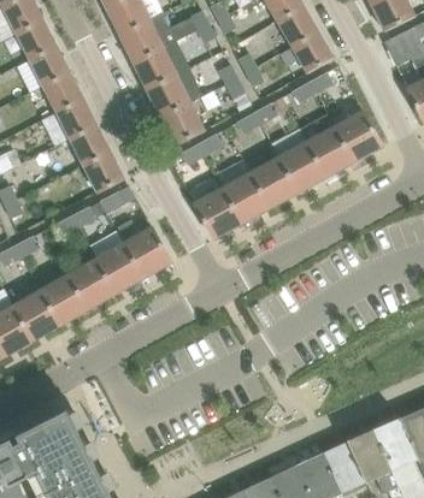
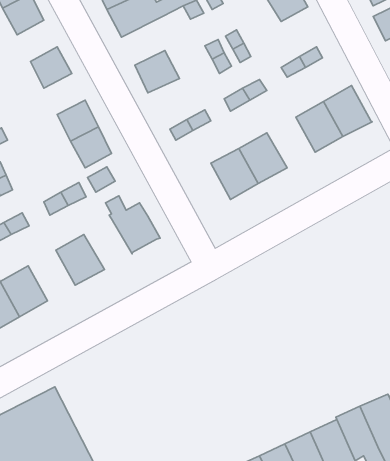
building: [292,32,332,73] -> none
building: [29,46,69,87] -> none
building: [132,48,176,90] -> none
building: [55,99,96,140] -> none
building: [159,103,204,146] -> none
building: [277,142,325,192] -> none
building: [193,188,241,238] -> none
building: [95,243,143,294] -> none
building: [40,274,87,325] -> none

